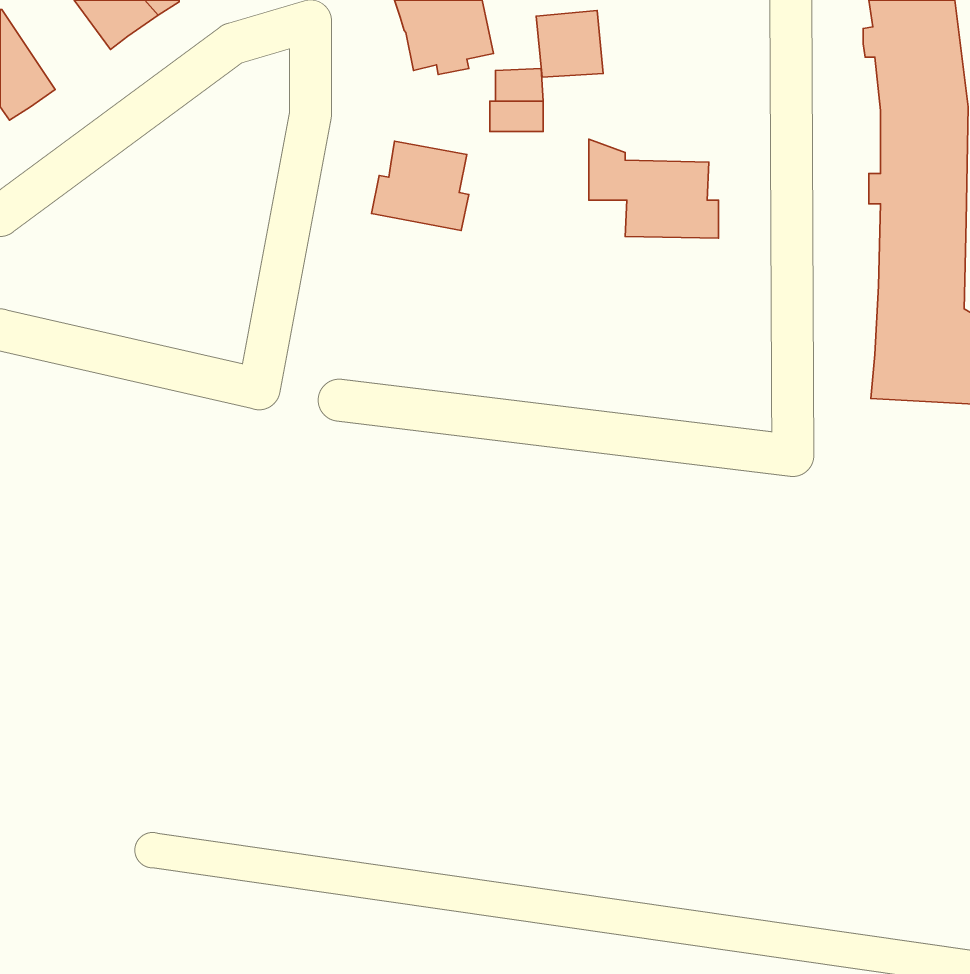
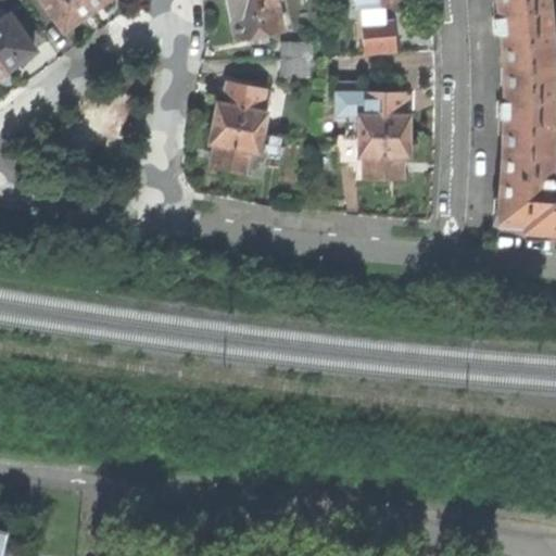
building: [536,11,603,77] -> [364,14,402,52]
building: none -> [210,122,286,176]
building: none -> [340,135,412,178]

